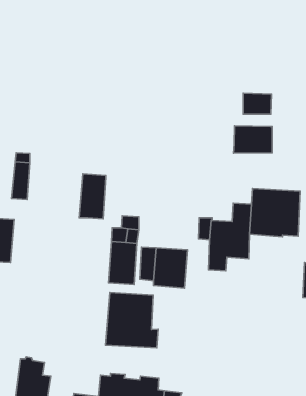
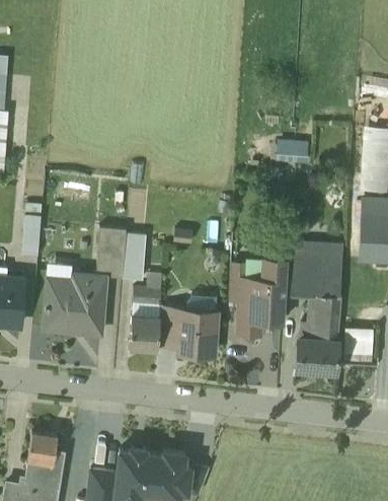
building: [234,126,272,153] -> none
building: none -> [123,231,146,279]
building: none -> [45,274,105,333]
building: none -> [296,295,340,370]
building: [106,292,158,348] -> none

